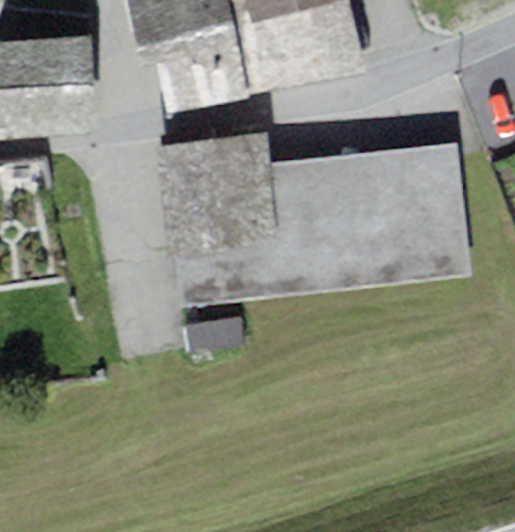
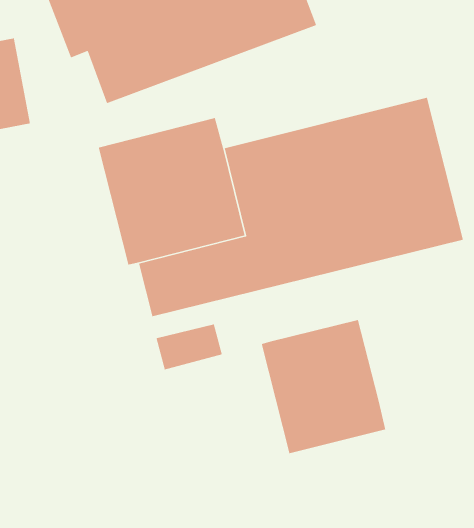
building: none -> [261,319,386,454]

